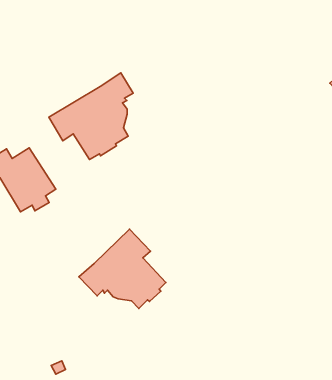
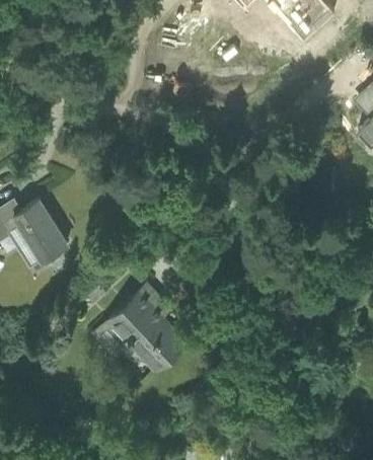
building: [49,73,133,160] -> none

